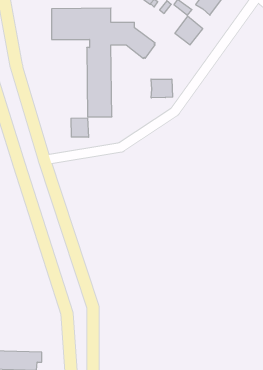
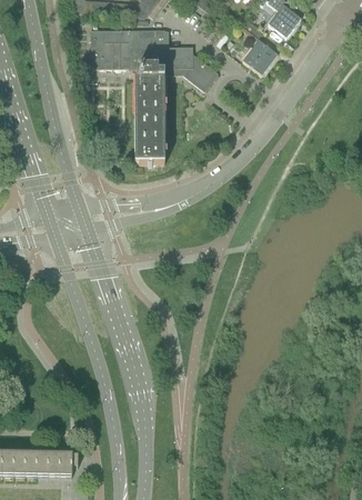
building: [151,79,173,98] -> none
building: [71,118,89,137] -> none

